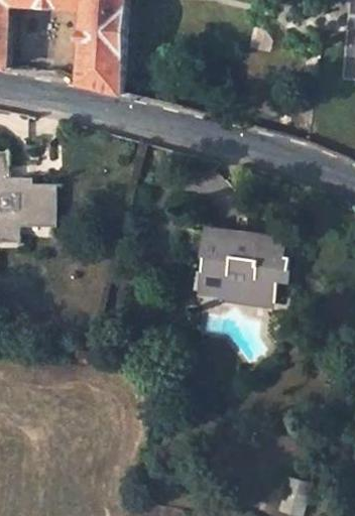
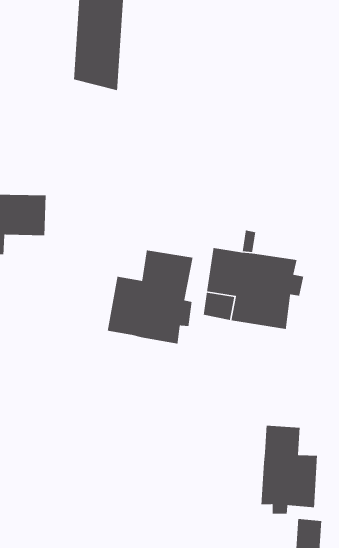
building: none -> [107,249,193,345]
building: none -> [260,425,318,514]

